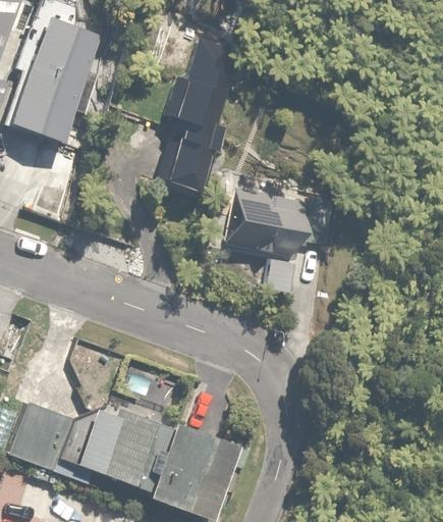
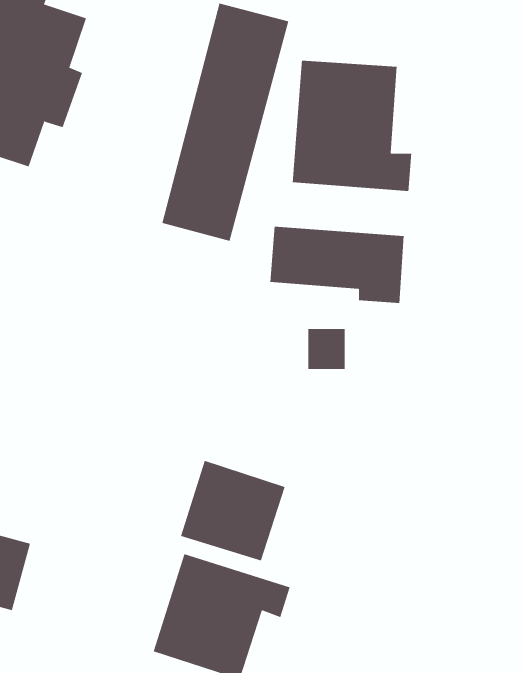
building: none -> [292,60,412,192]
building: [75,411,152,484] -> [180,460,286,561]

